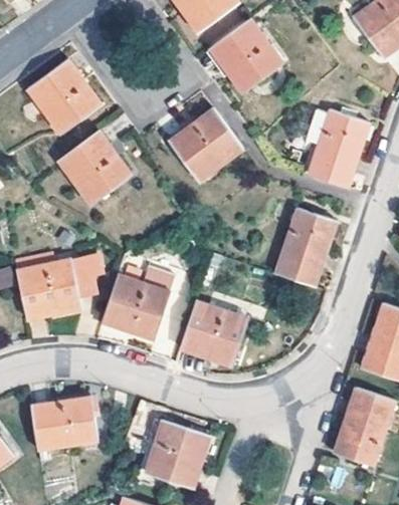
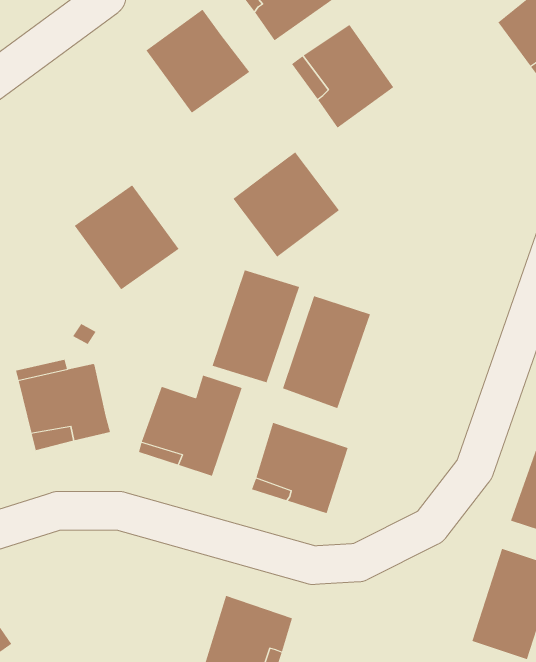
building: [26,62,99,136] -> [146,9,250,113]
building: [305,109,366,188] -> none
building: none -> [212,269,300,383]
building: [274,208,337,287] -> [282,296,371,409]
building: [70,253,99,295] -> none
building: [31,398,97,449] -> none

